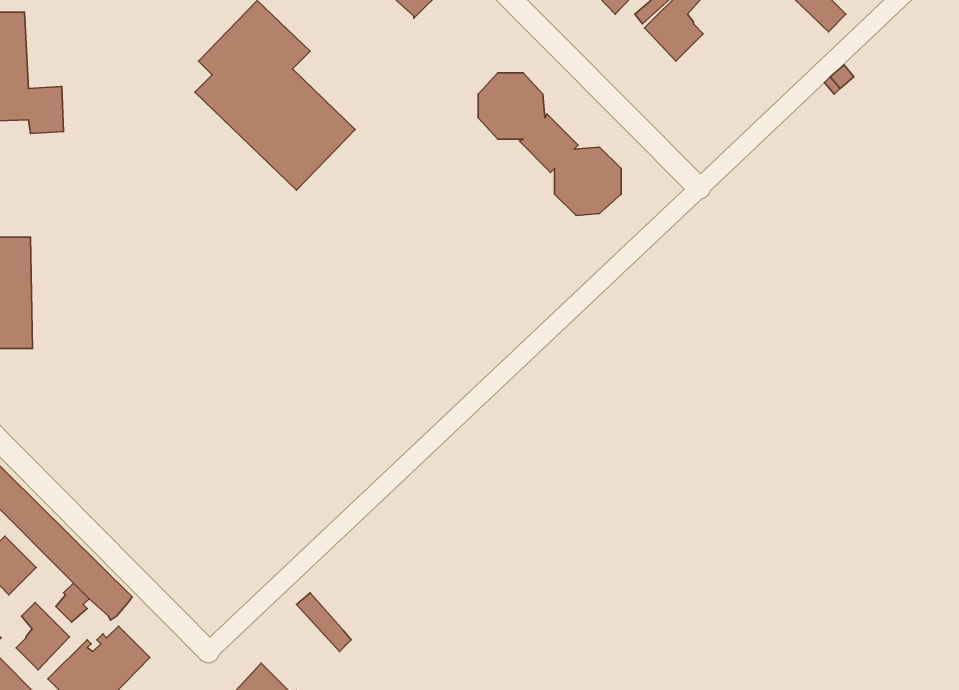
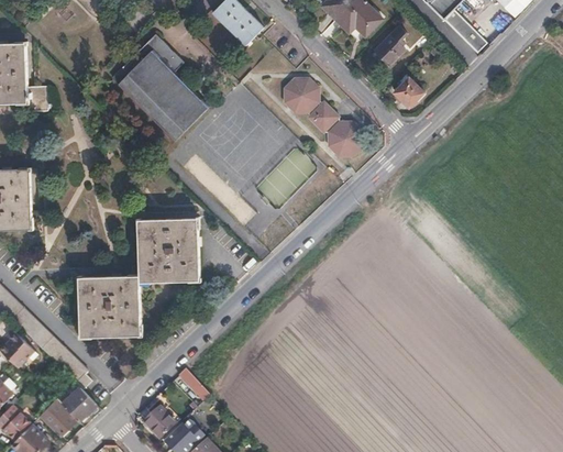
building: none -> [393,75,423,106]
building: none -> [84,222,202,345]
building: [16,603,69,670] -> none

